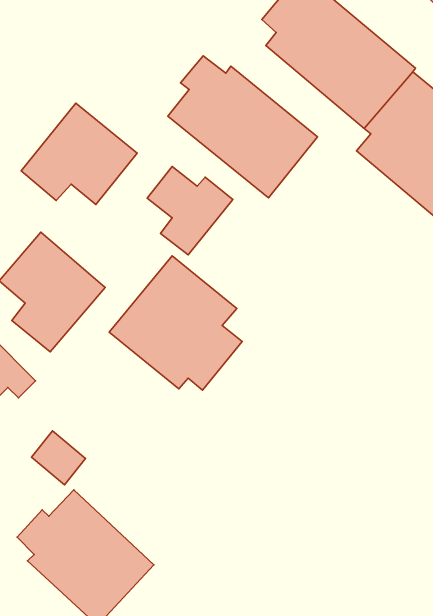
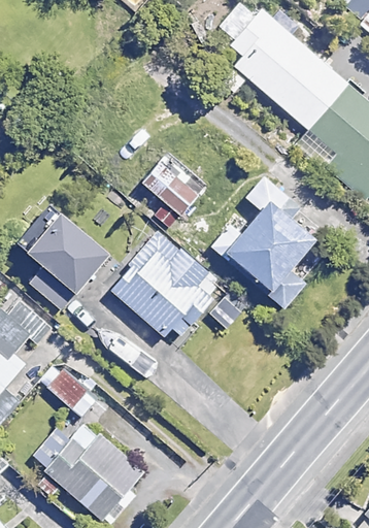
building: [168,56,318,198] -> none
building: [21,103,137,204] -> none
building: none -> [223,176,310,303]

